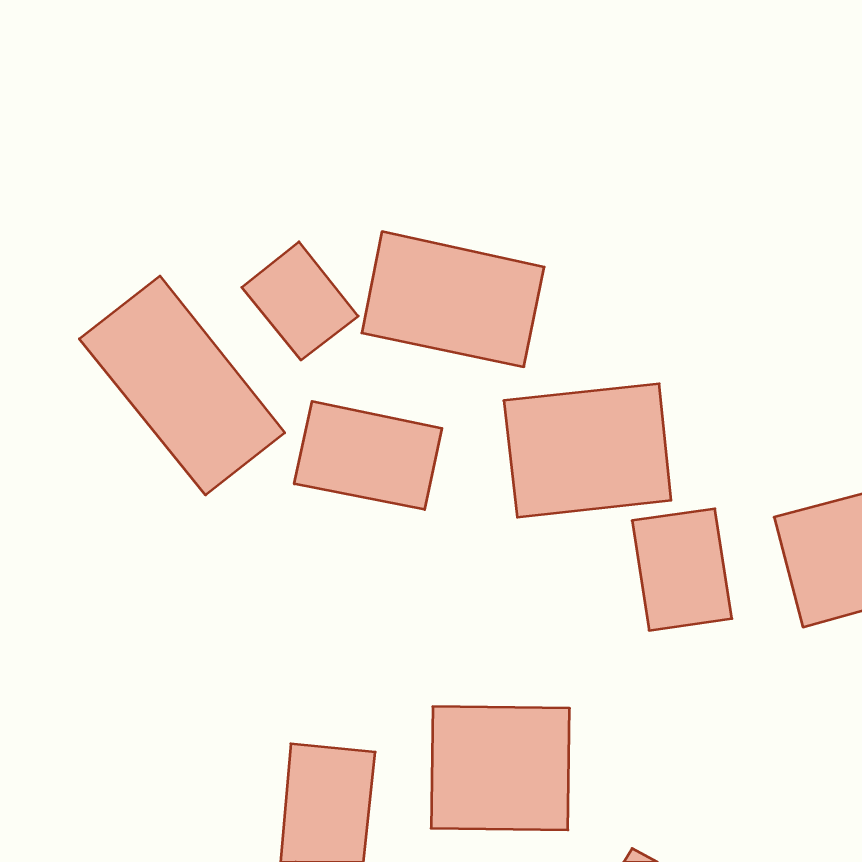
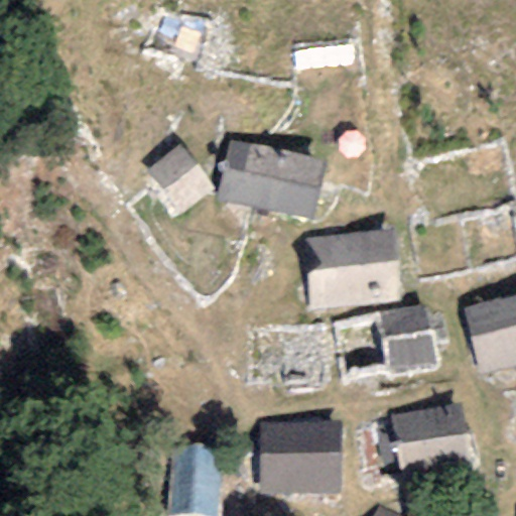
building: [79,276,285,495] -> none
building: [294,401,442,510] -> none
building: none -> [388,400,475,479]

